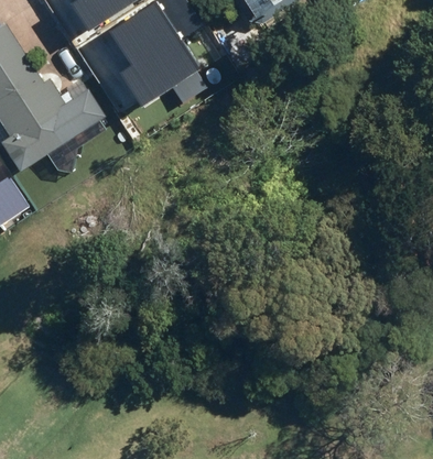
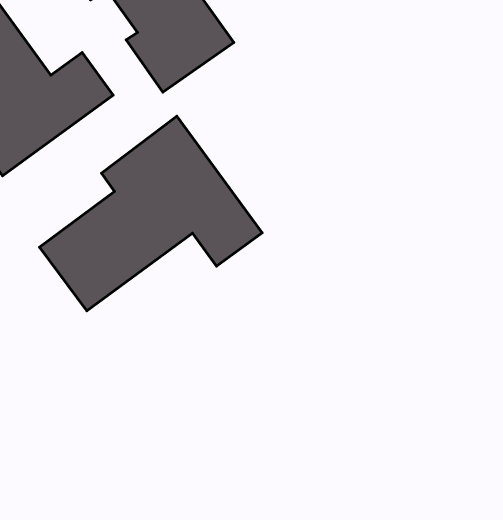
building: none -> [40,116,262,311]

